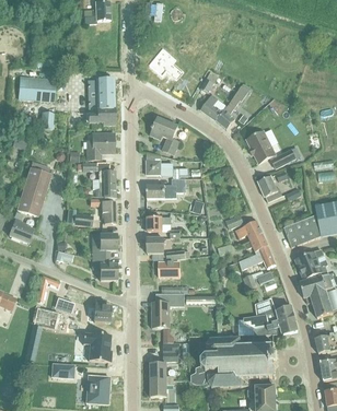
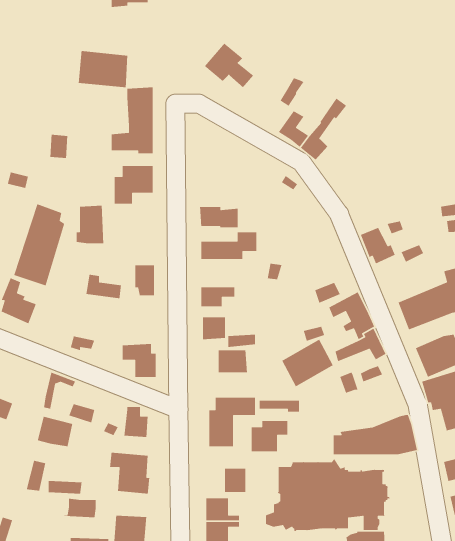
building: [19,74,54,101] -> [78,50,128,88]
building: [150,117,179,154] -> none
building: [246,129,295,167] -> none
building: [95,169,115,197] -> [76,205,104,244]
building: [92,233,116,257] -> none
building: none -> [281,339,334,388]
building: none -> [251,420,288,452]

